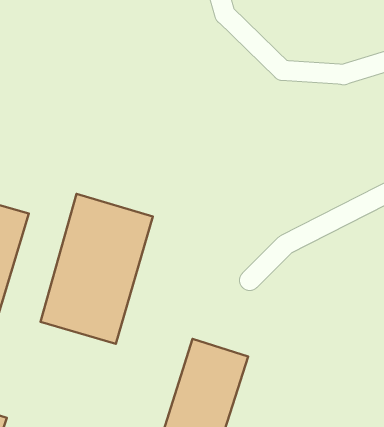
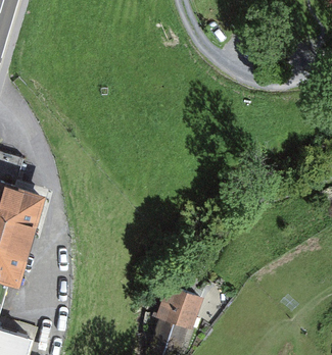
building: [40,194,153,344] -> none

